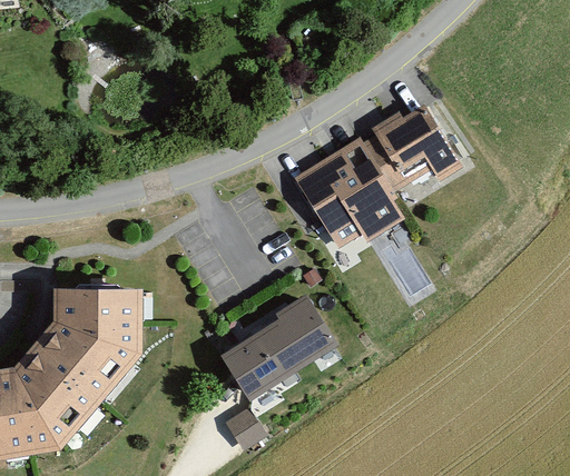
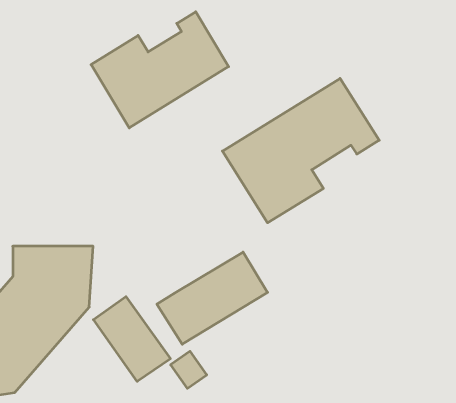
building: none -> [91,12,229,128]
building: none -> [93,297,170,381]

